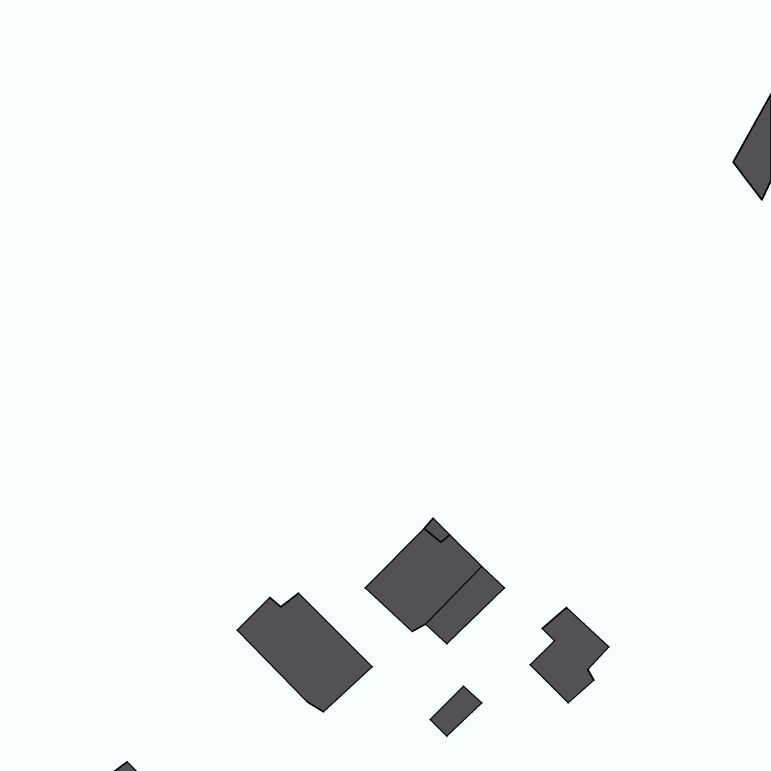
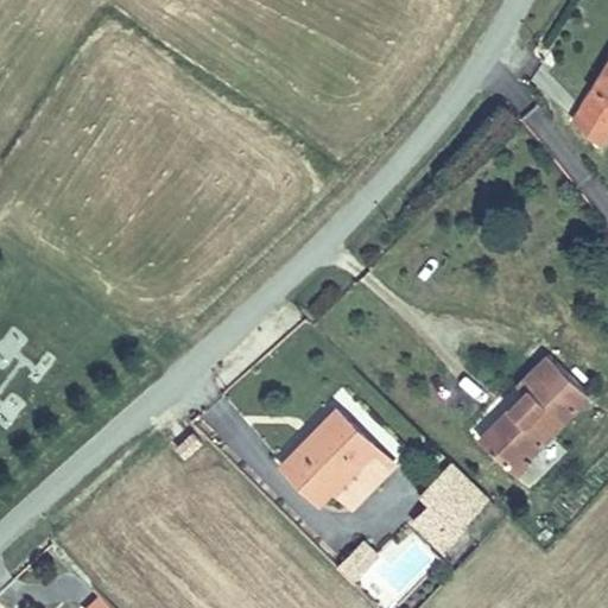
building: none -> [480,355,587,471]
building: [237,593,372,712] -> none

